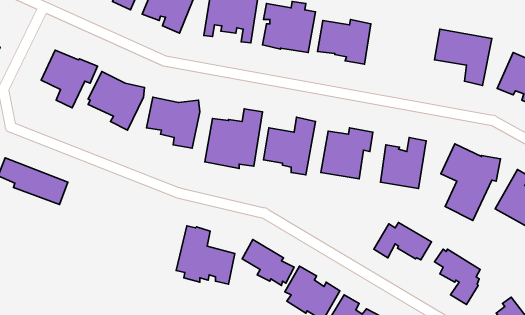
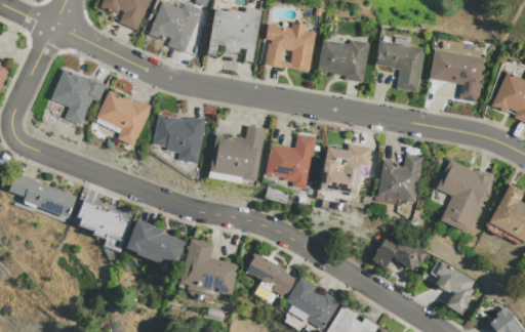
building: none -> [375,41,425,92]
building: none -> [79,202,130,250]
building: none -> [127,219,186,265]

